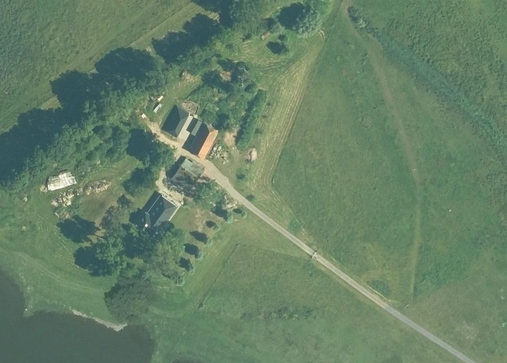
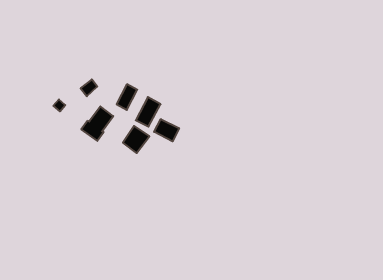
building: none -> [154,119,179,141]
building: [136,195,176,238] -> [81,106,113,141]

